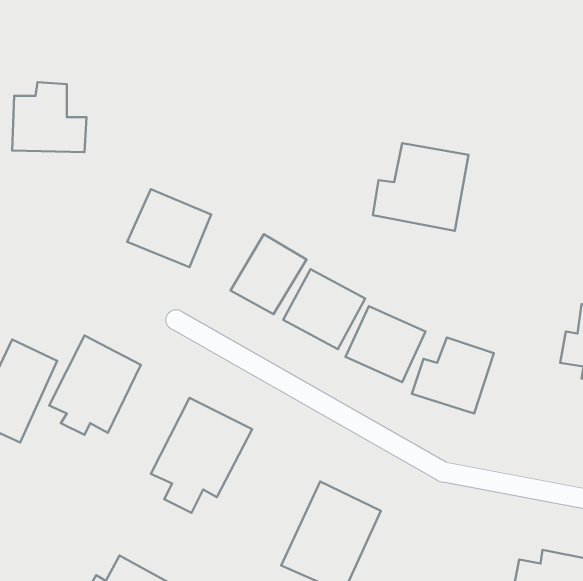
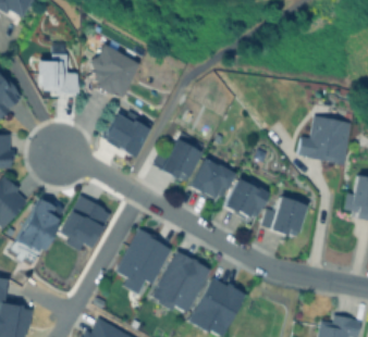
building: none -> [91,43,140,99]
building: [373,143,468,231] -> [299,115,353,164]
building: none -> [151,250,211,313]

